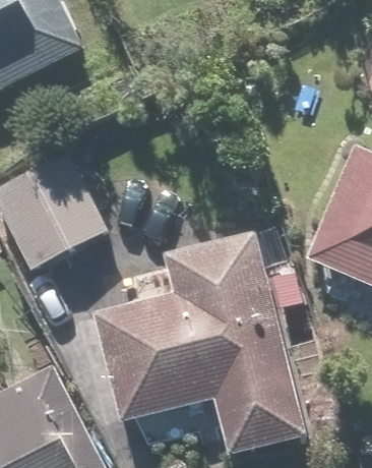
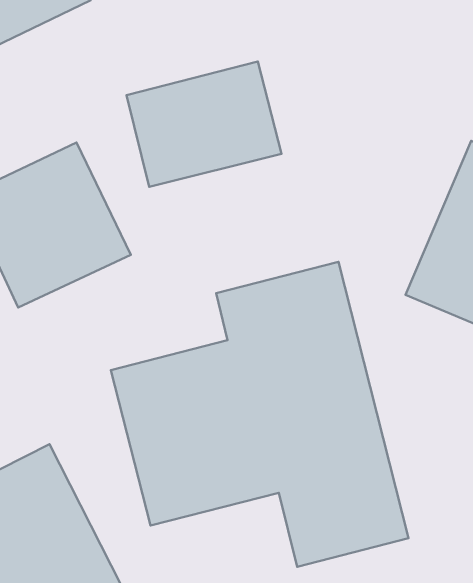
building: none -> [126,61,281,187]

